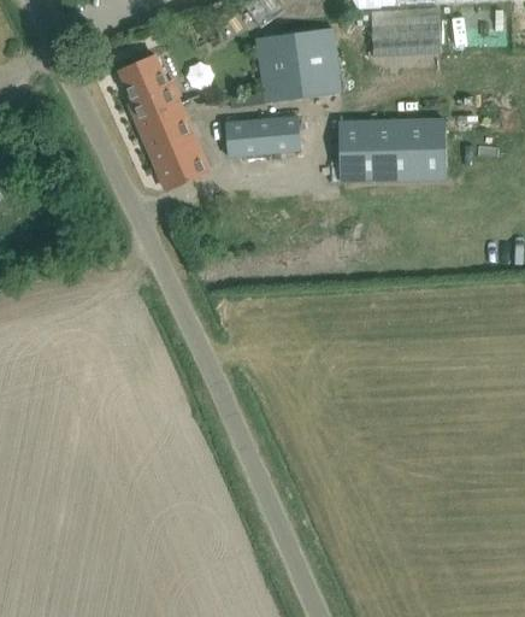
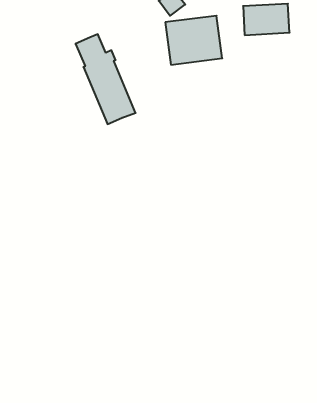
building: [224,114,300,157] -> none
building: [340,123,446,181] -> none

